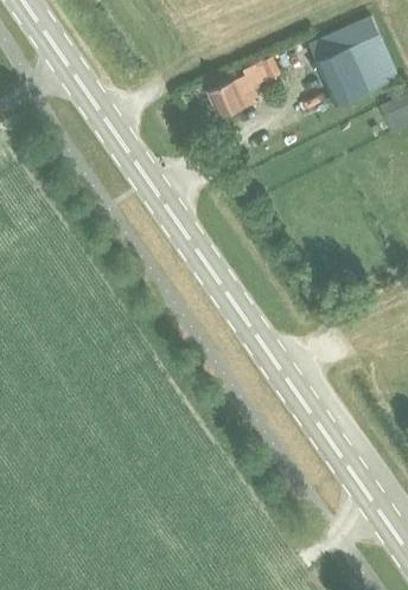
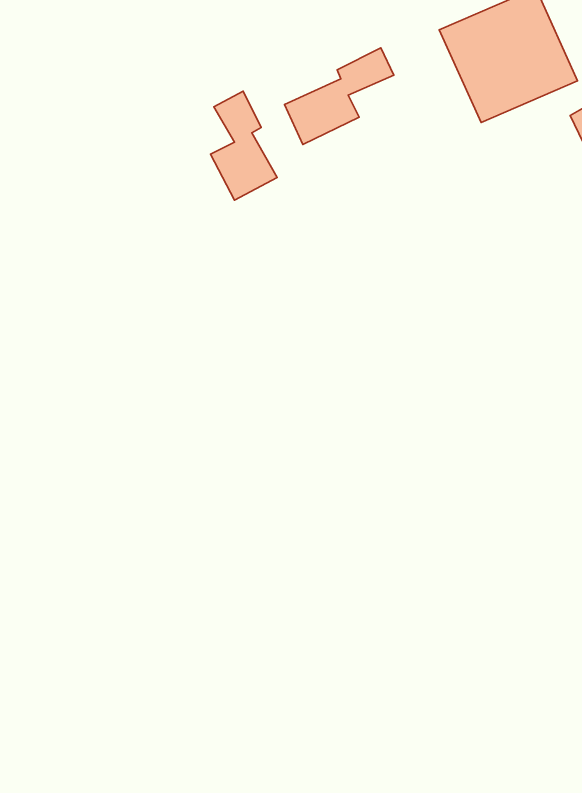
building: none -> [210,91,277,200]

